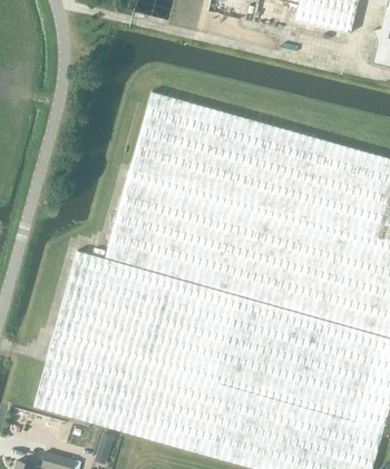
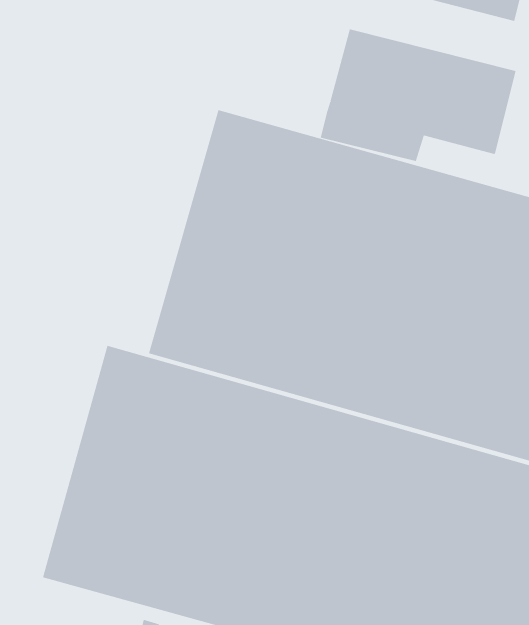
building: none -> [320,28,516,162]

